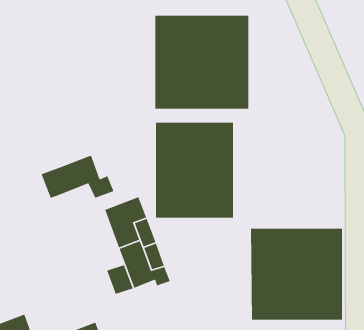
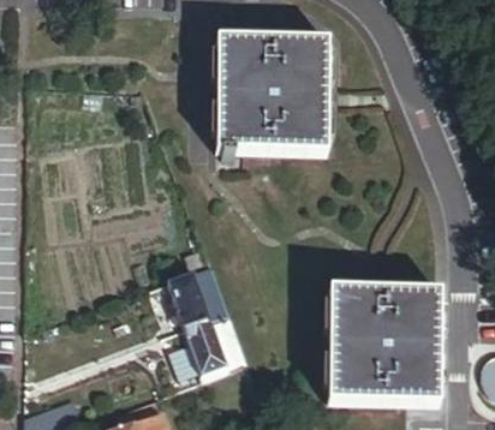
building: [155,122,234,219] -> none
building: [41,155,114,199] -> none

